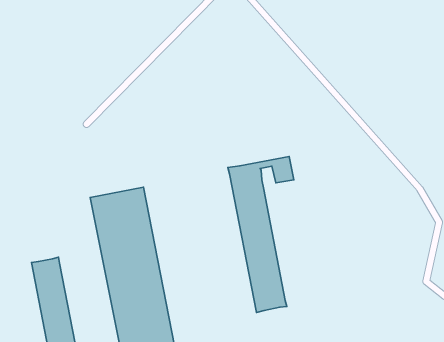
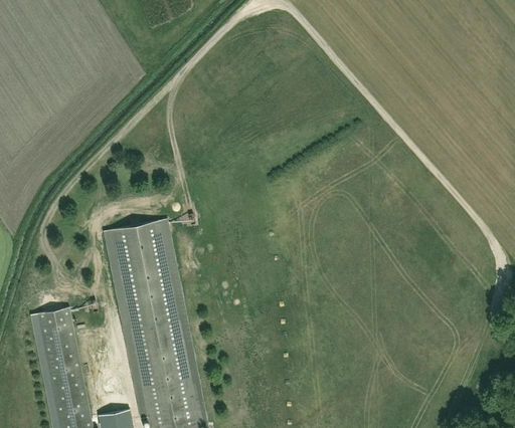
building: [228,156,294,312] -> none

